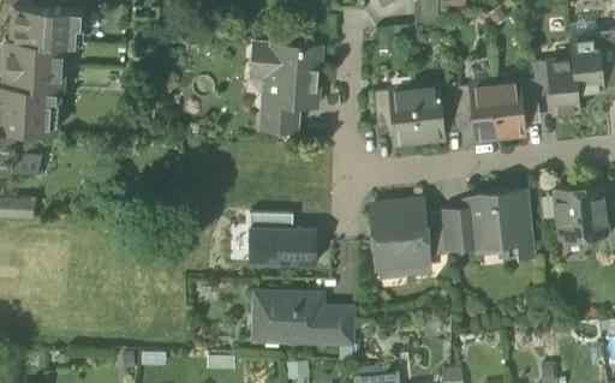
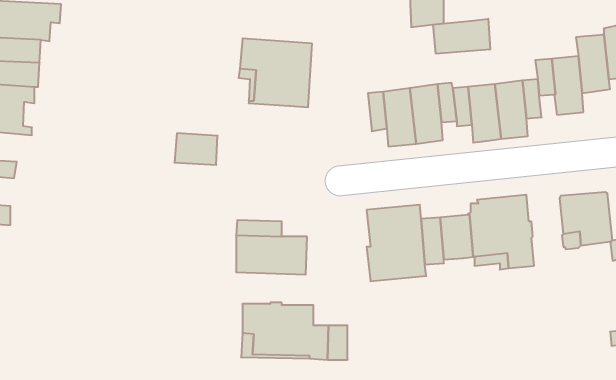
building: none -> [433,19,490,54]
building: [258,103,299,133] -> [174,133,218,165]

